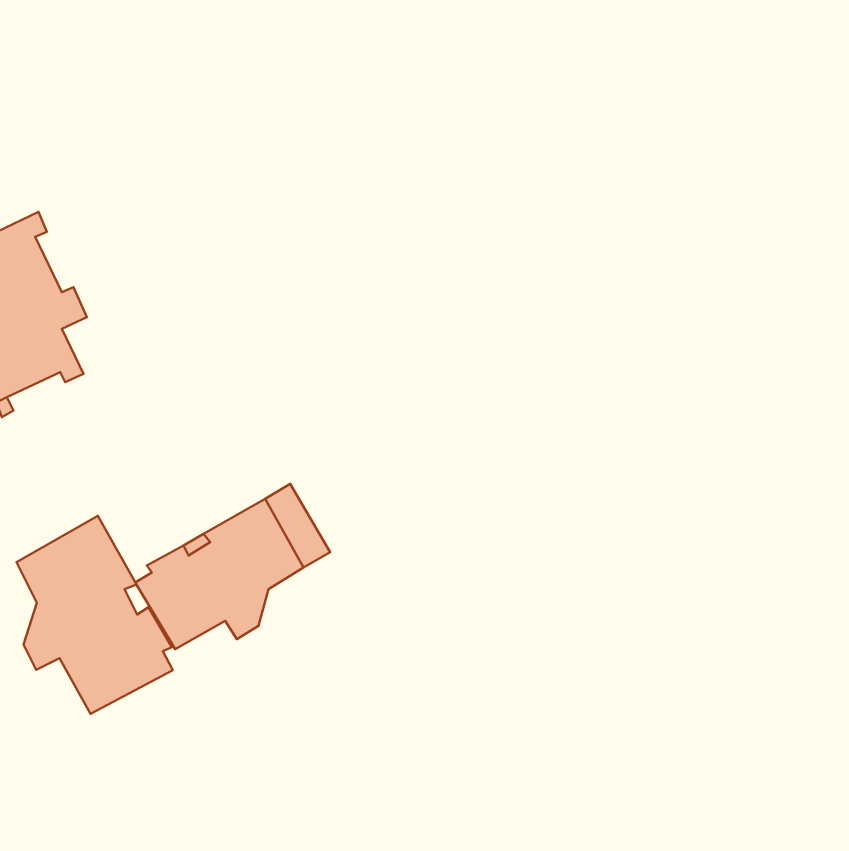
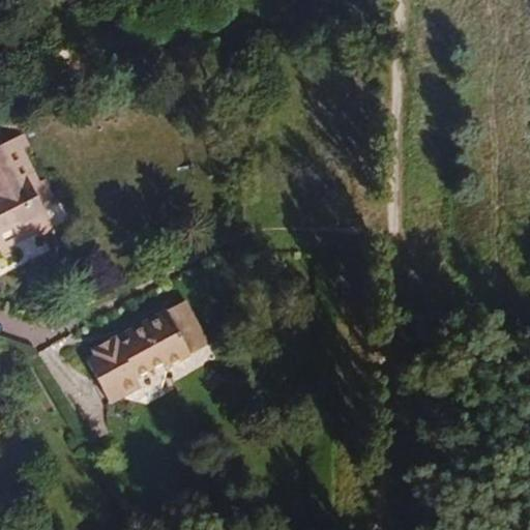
building: [16,516,173,714] -> none

